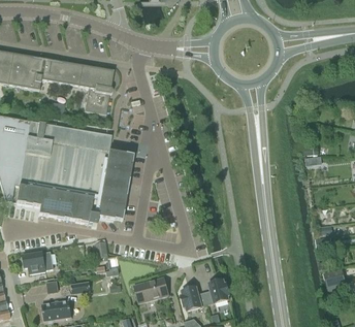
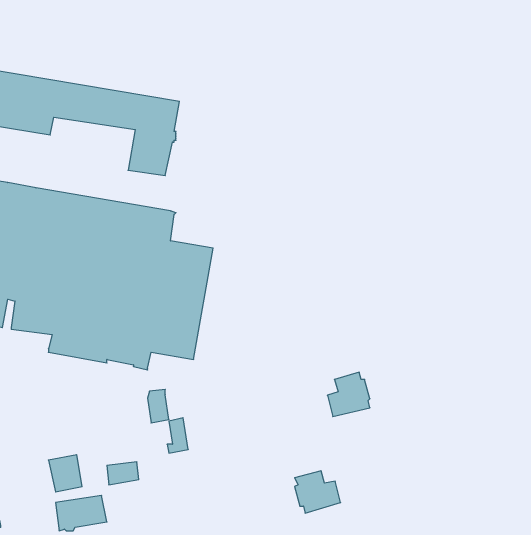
building: [23,250,53,272] -> none
building: [133,275,168,301] -> none
building: [204,277,229,303] -> [327,372,370,417]

